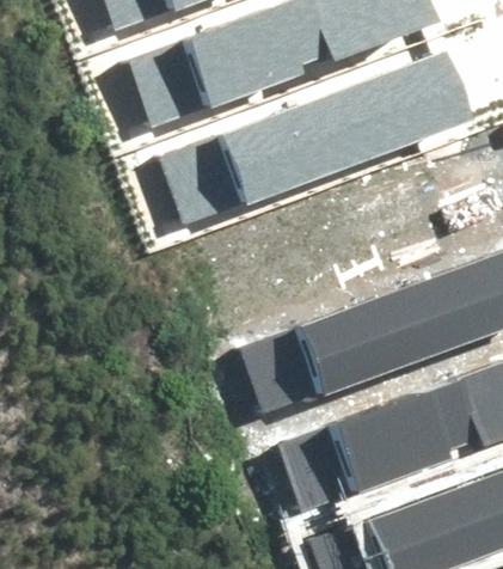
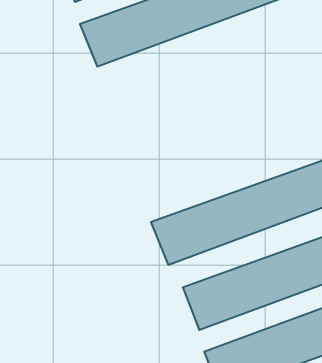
building: [164,54,472,220] -> none

